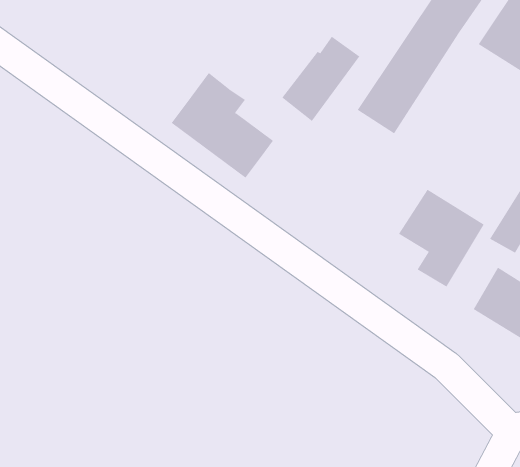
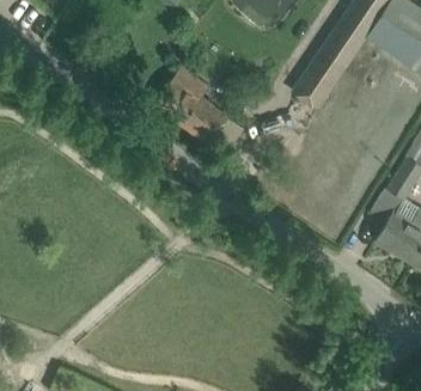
building: [282,36,360,122] -> none
building: [398,189,484,288] -> none

